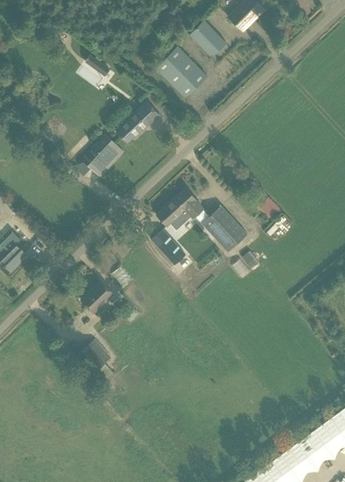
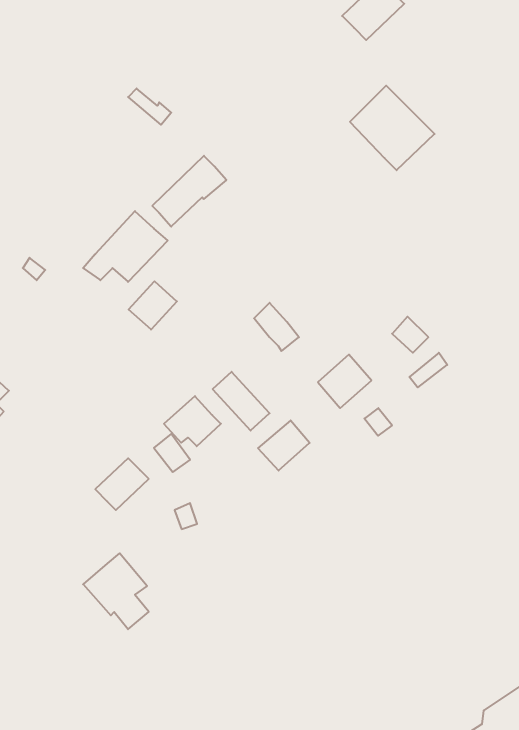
building: [190,20,226,57] -> none
building: [156,47,207,97] -> [350,86,435,170]
building: none -> [129,281,177,330]
building: [156,198,191,228] -> [164,396,221,446]
building: [202,206,233,236] -> [258,420,310,471]

